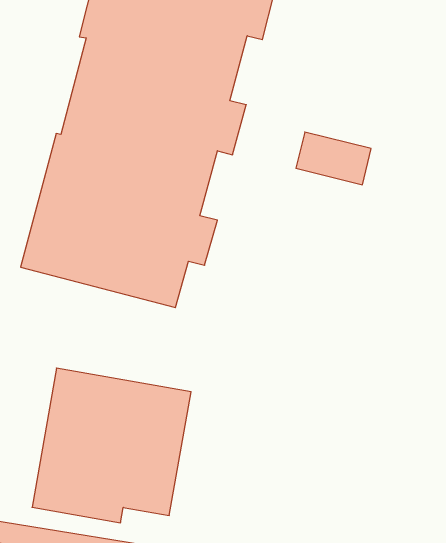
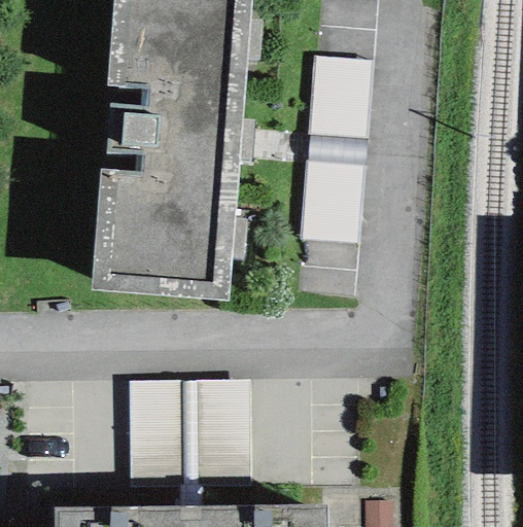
building: none -> [308,58,370,137]
building: none -> [300,165,364,244]

